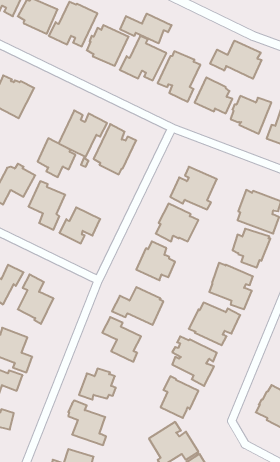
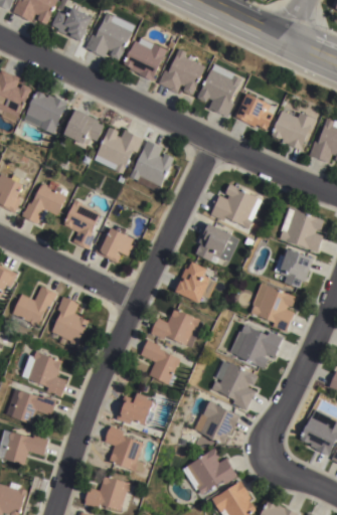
building: [120,14,172,43] -> none
building: [210,41,262,79] -> none
building: [38,138,75,177] -> [65,108,105,148]

